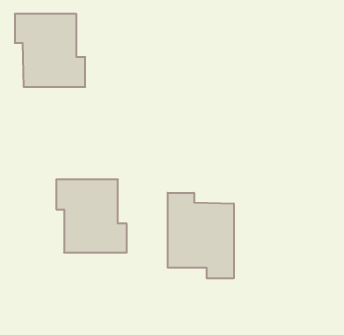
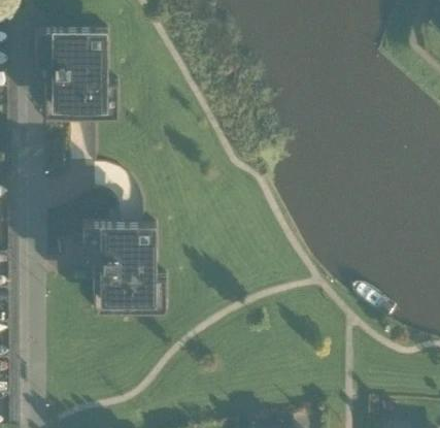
building: [168,193,234,278] -> none

